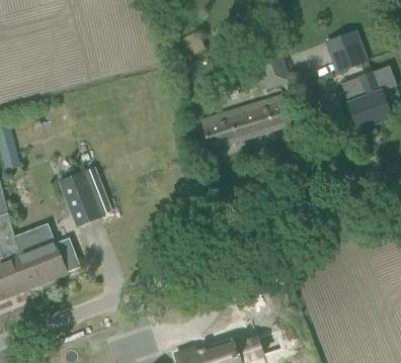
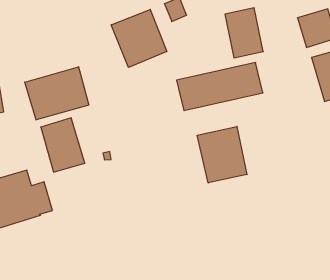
building: none -> [111,9,167,67]
building: none -> [25,67,89,120]
building: none -> [197,126,247,183]

